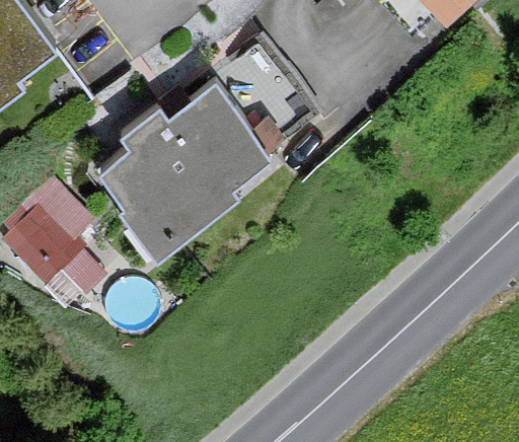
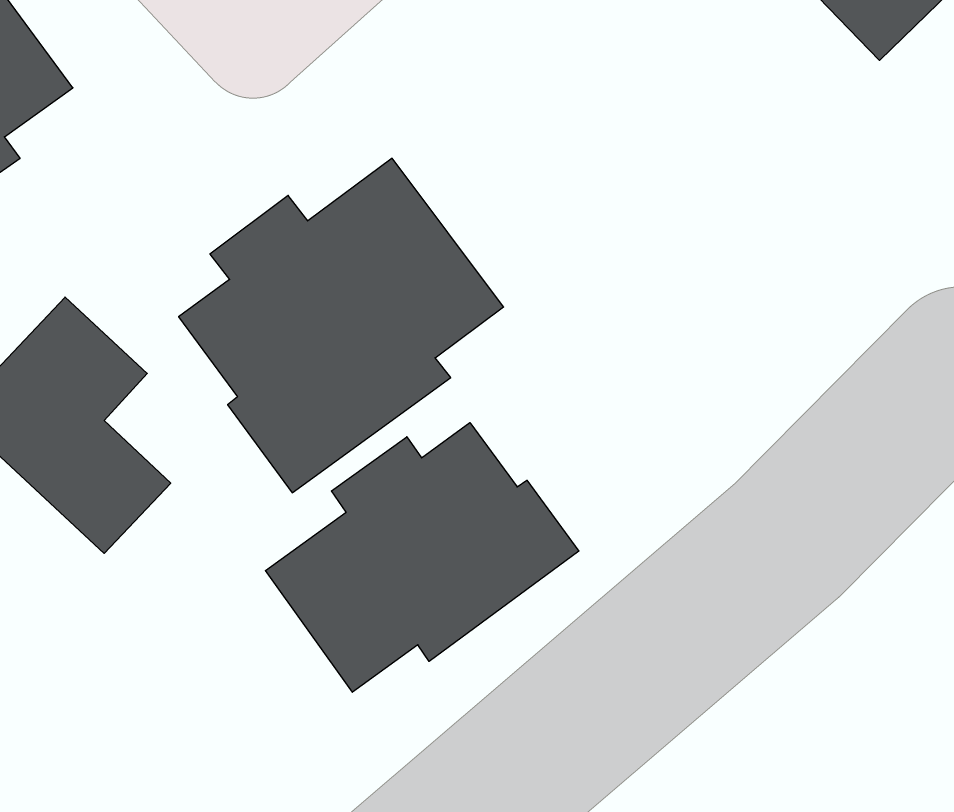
building: none -> [265,423,579,692]

